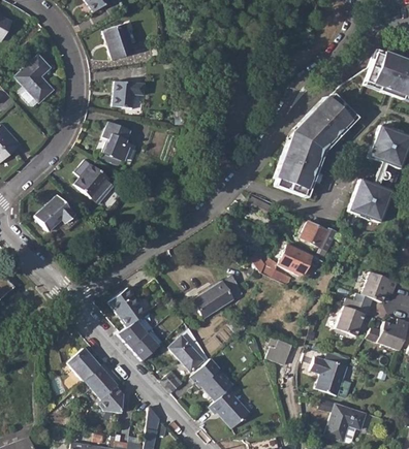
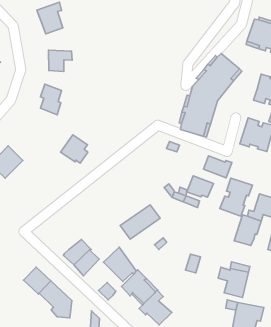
building: [75,164,109,200] -> [61,135,88,163]
building: none -> [220,178,252,216]
building: [108,290,146,328] -> none

